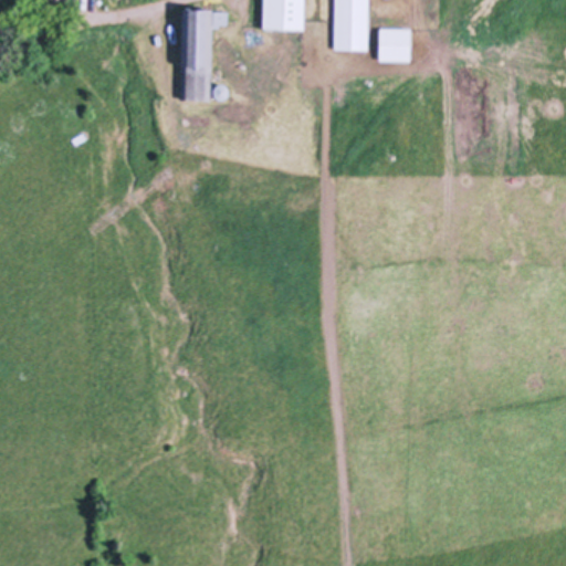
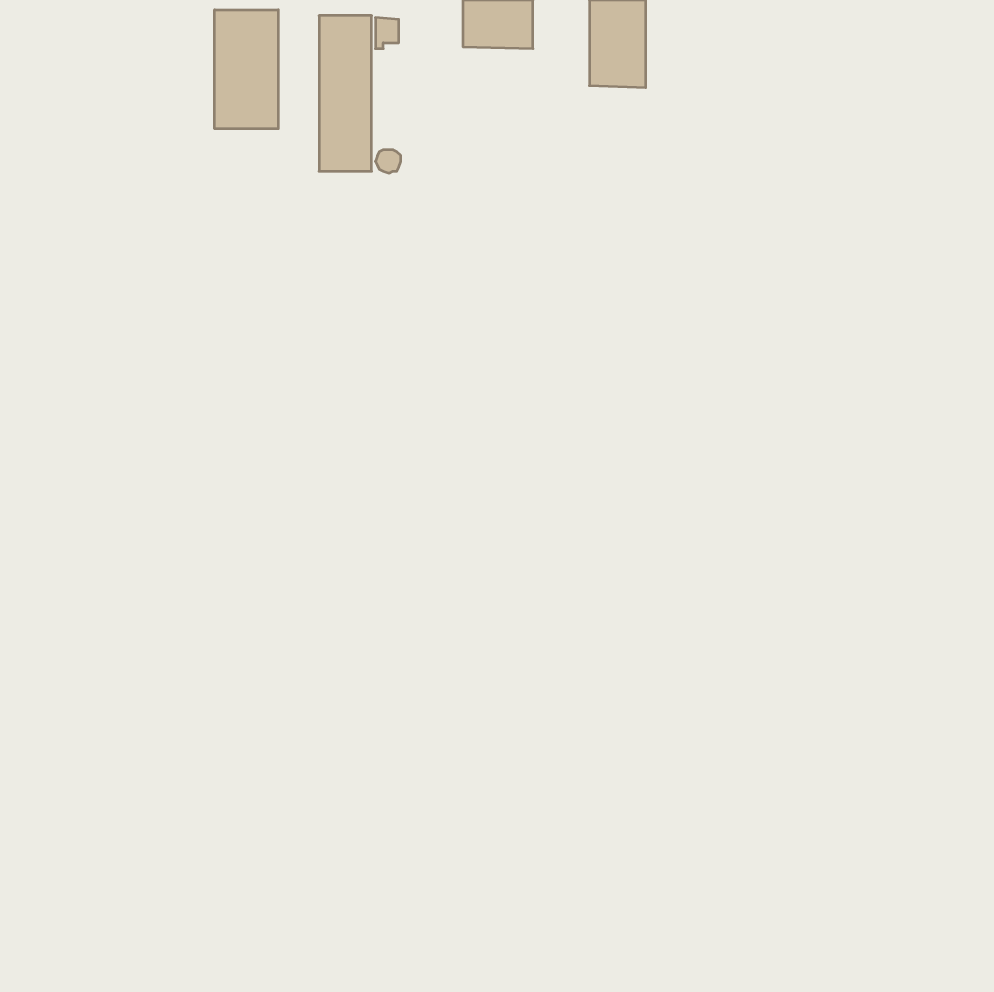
building: none -> [215,10,278,129]
building: [380,30,410,62] -> none

